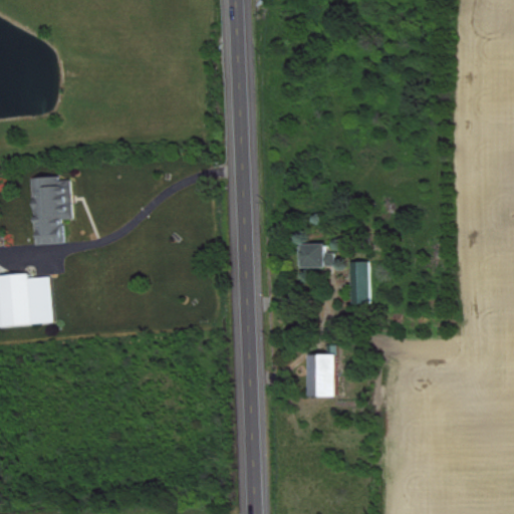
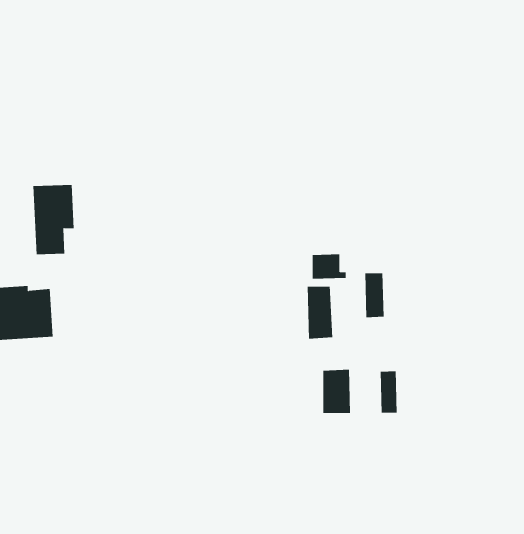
building: none -> [307,286,333,339]
building: none -> [380,370,397,413]

